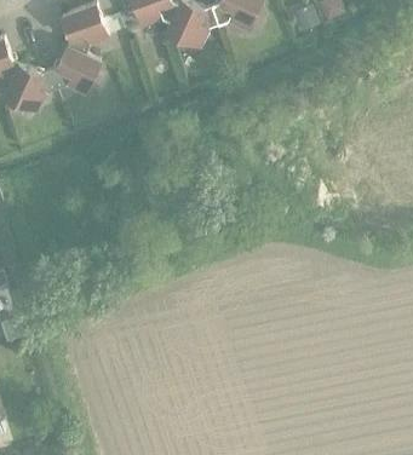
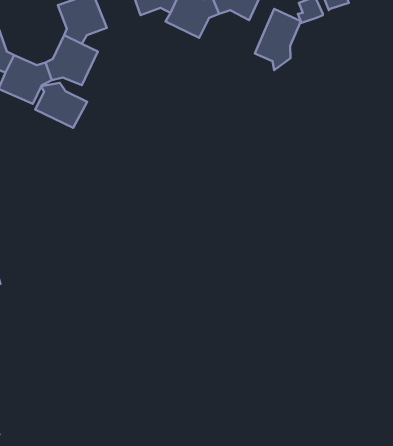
building: none -> [255,9,301,70]
building: none -> [35,83,87,128]

